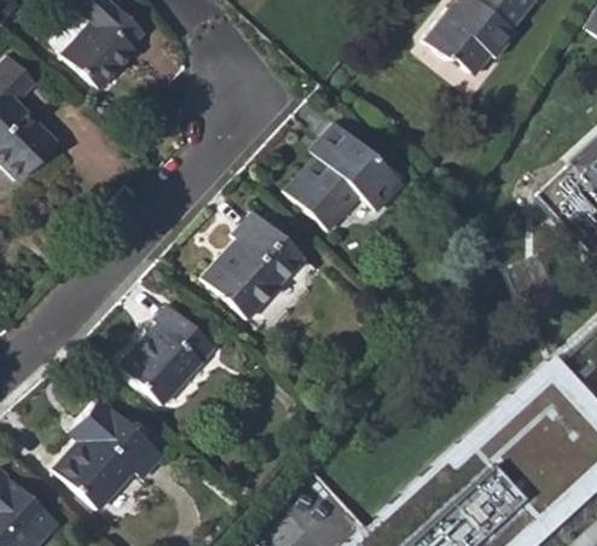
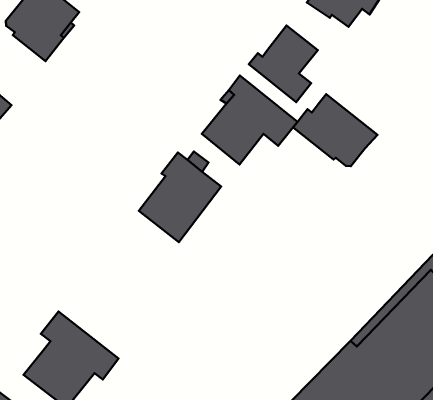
building: none -> [249,25,318,102]
building: none -> [293,94,377,166]
building: [120,304,216,406] -> none

